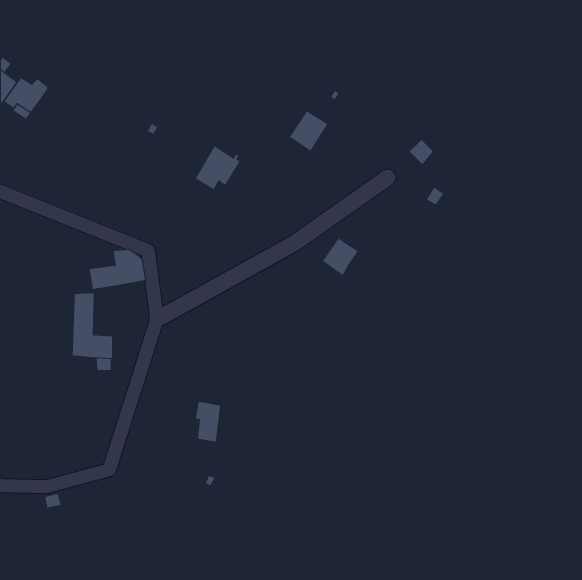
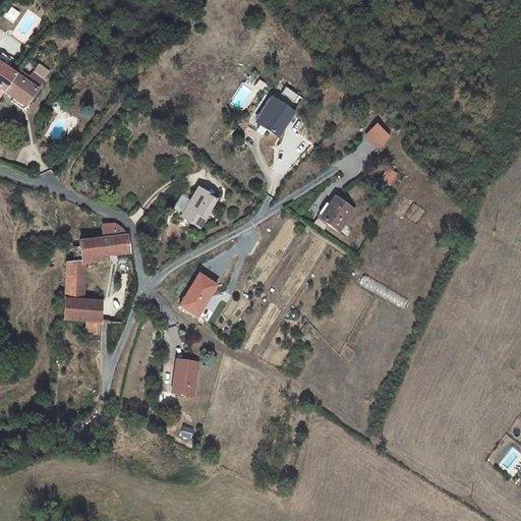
building: [195,146,240,190] -> [182,186,223,226]
building: [322,238,359,276] -> [321,196,353,230]
building: none -> [179,275,213,316]

